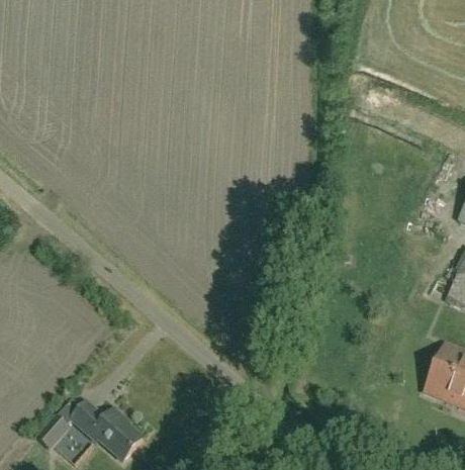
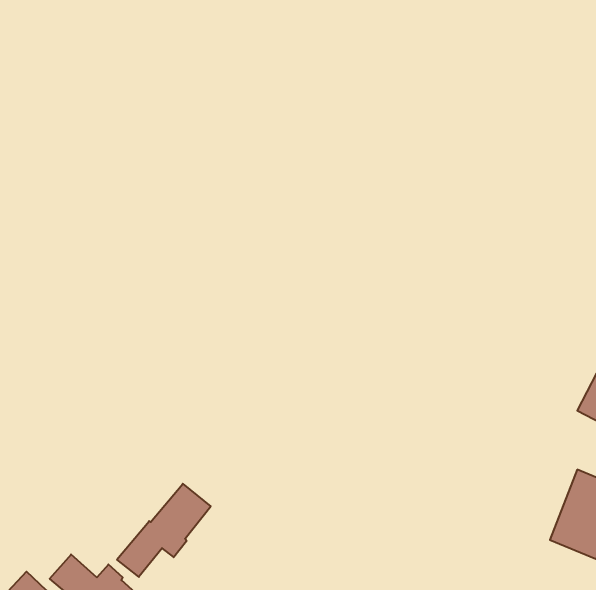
building: none -> [117,484,211,577]

